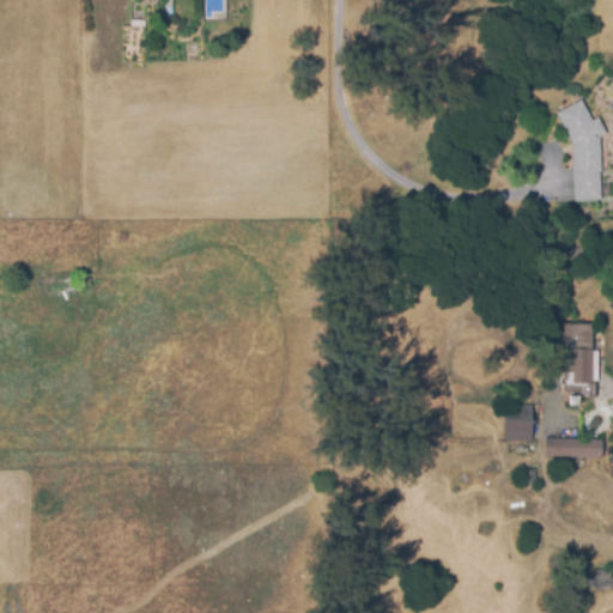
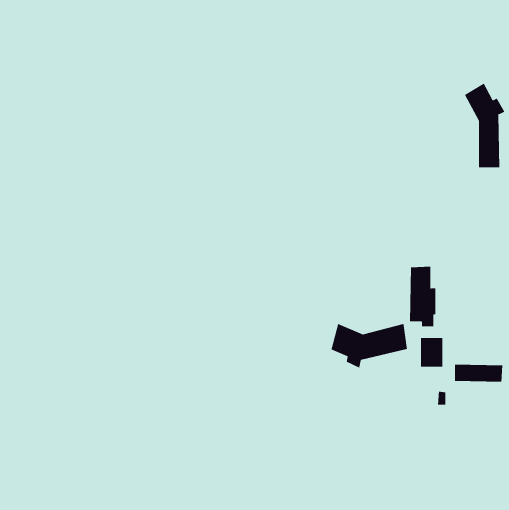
building: [566,323,599,396] -> [409,266,436,327]
building: none -> [331,323,408,368]

